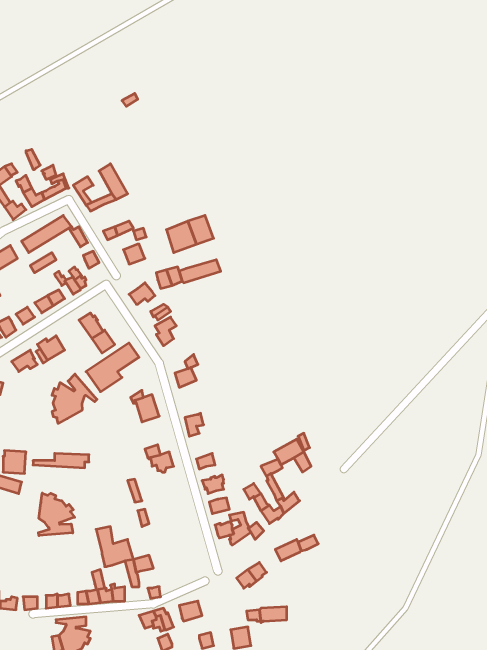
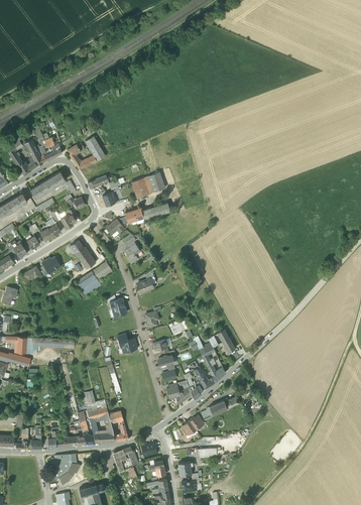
building: [52,374,97,423] -> none
building: [38,493,75,536] -> none

